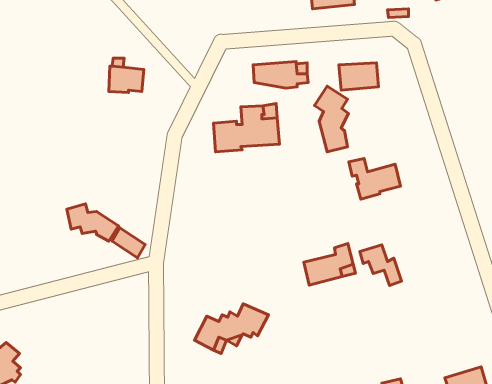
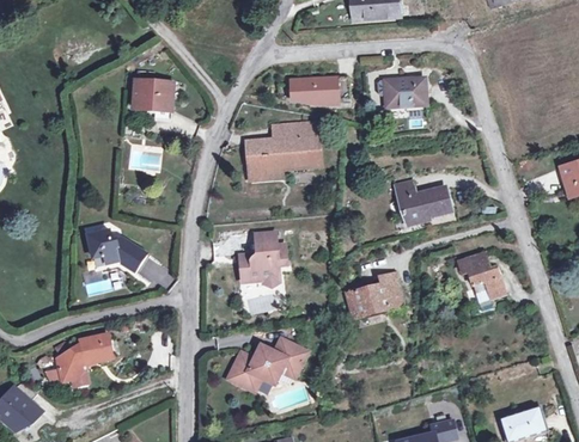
building: [315,86,348,152] -> none
building: none -> [239,232,285,287]
building: [360,245,402,286] -> [457,253,502,297]
building: none -> [56,332,111,385]

